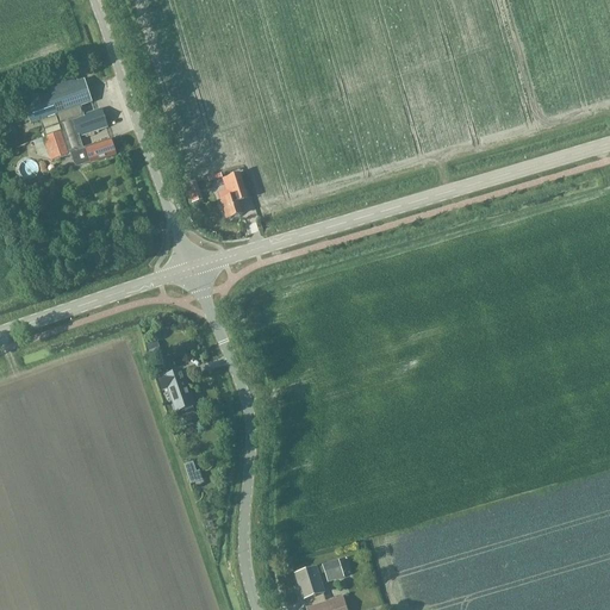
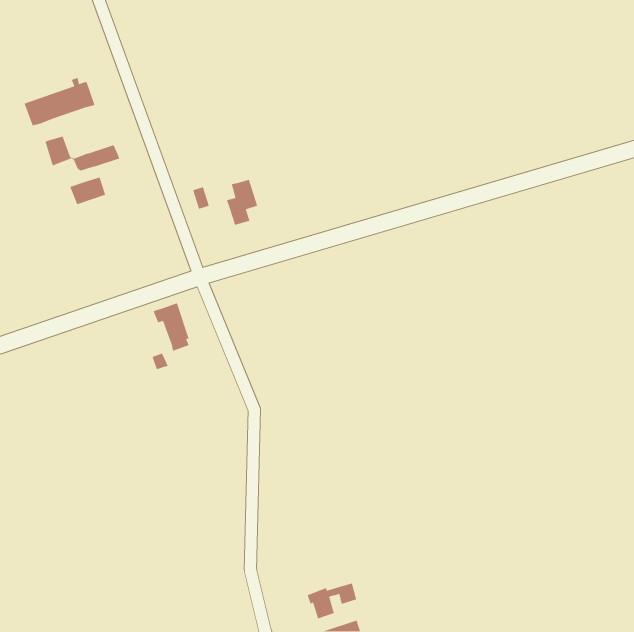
building: [71,107,107,135] -> [69,176,106,205]
building: [158,368,194,416] -> [153,302,190,352]

